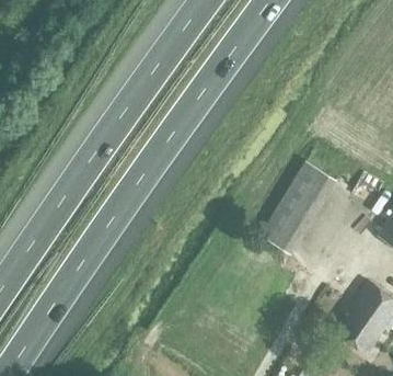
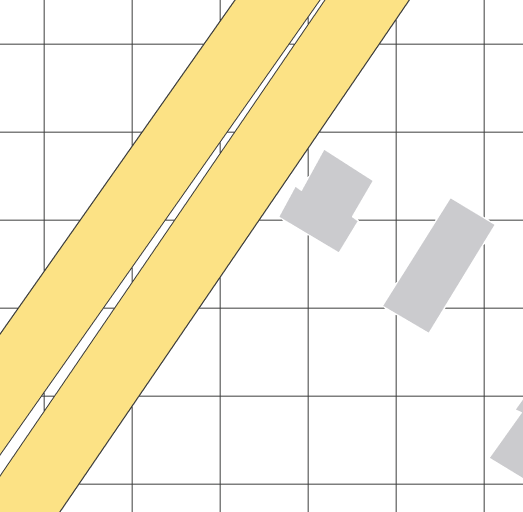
building: none -> [279,149,373,253]

